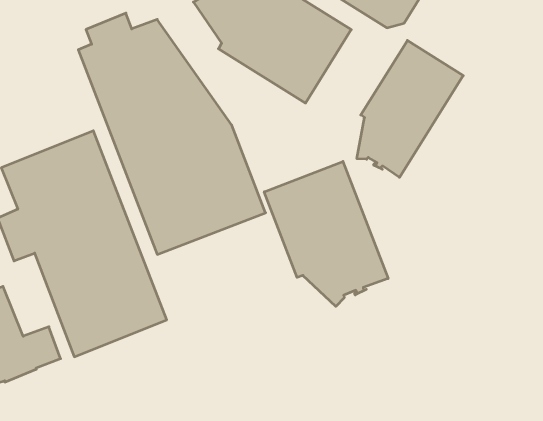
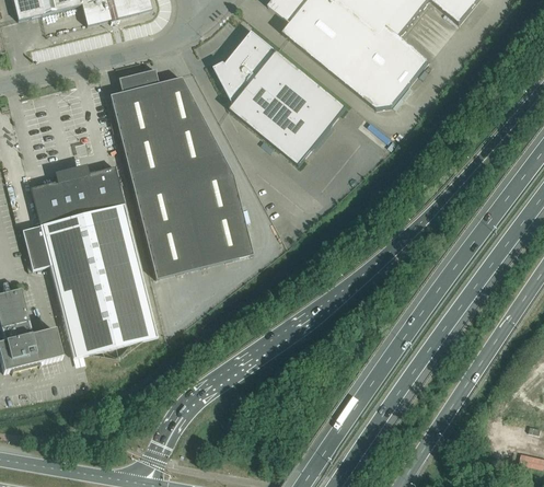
building: [357,40,463,177] -> none
building: [264,161,388,306] -> none

